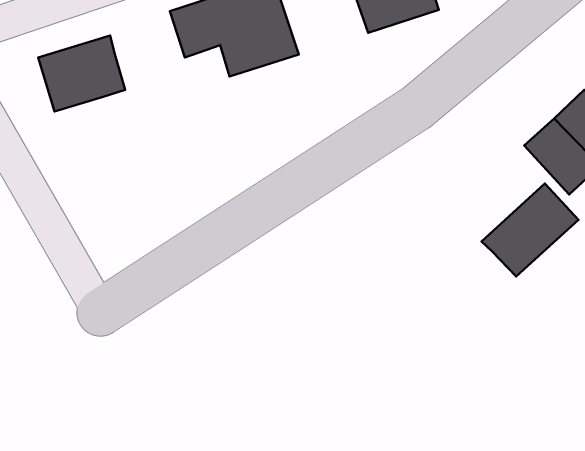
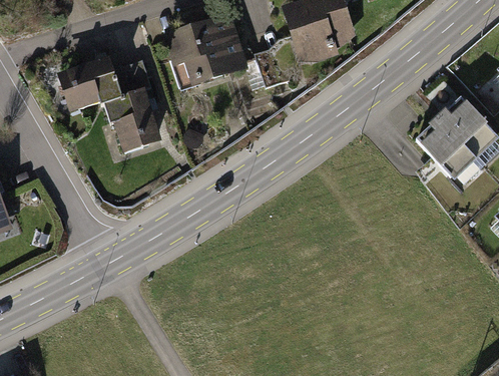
building: none -> [105,60,162,154]
building: [482,184,578,277] -> none

